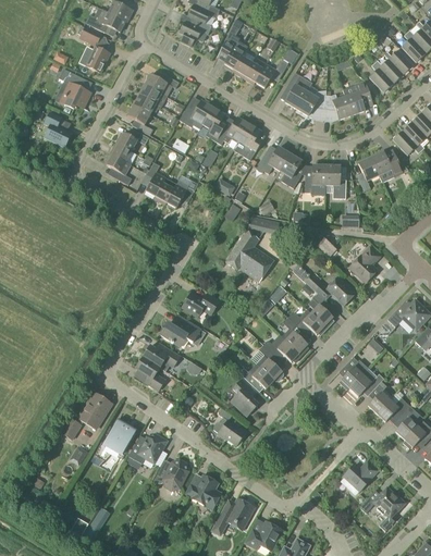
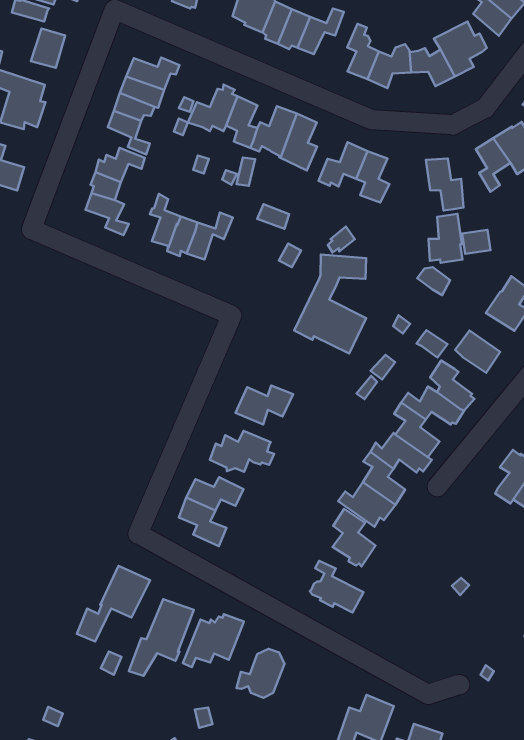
building: [304,165,325,195] -> [428,214,462,263]
building: [187,475,221,507] -> none

